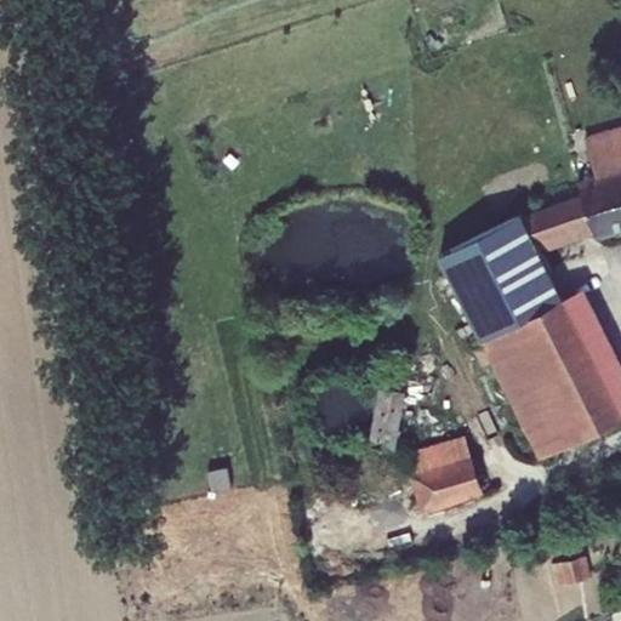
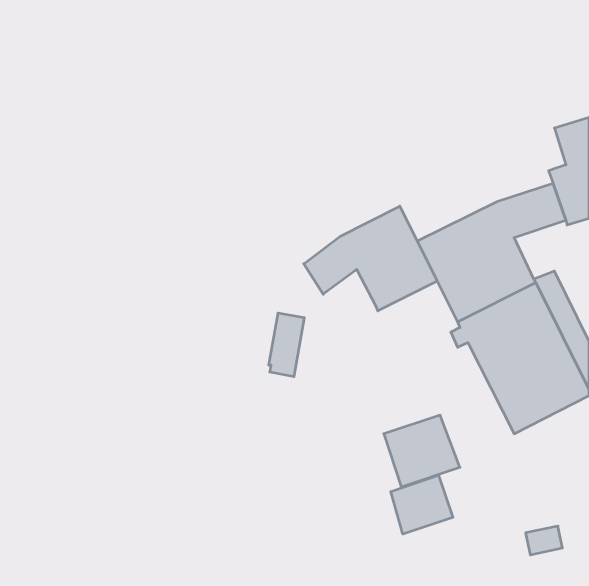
building: none -> [304,206,437,311]
building: [370,383,408,450] -> [269,313,304,377]
building: none -> [391,475,453,534]

